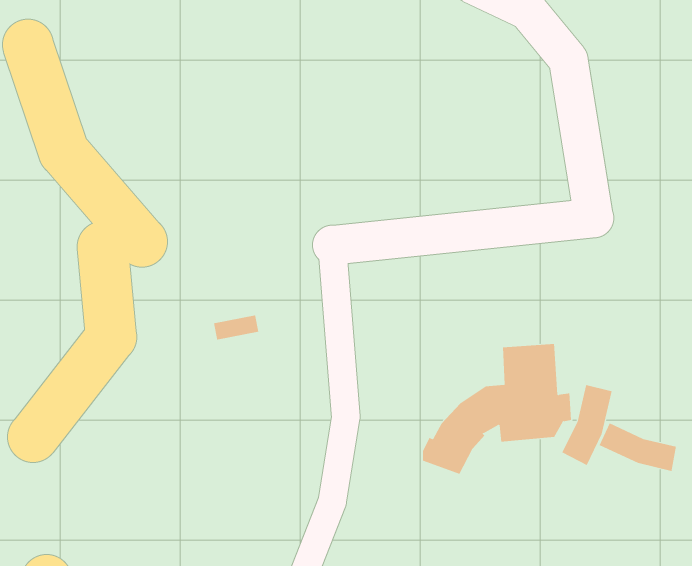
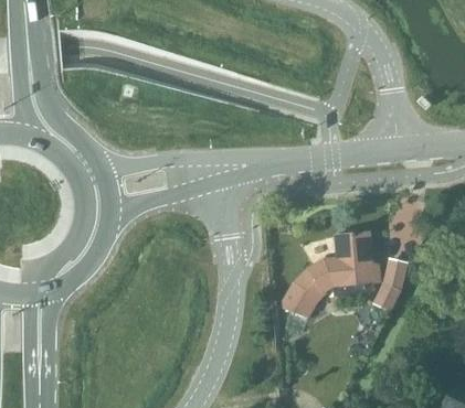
building: [599,423,676,472] -> none

